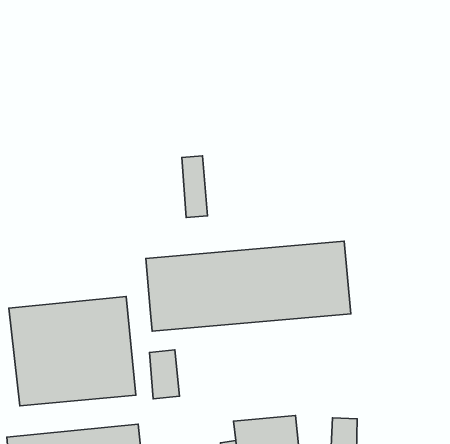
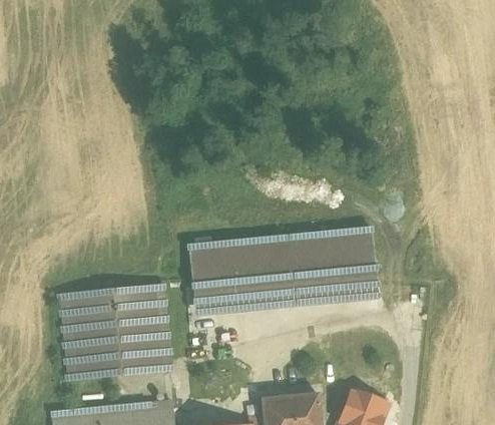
building: [182,156,208,217] -> none
building: [149,350,179,399] -> none

